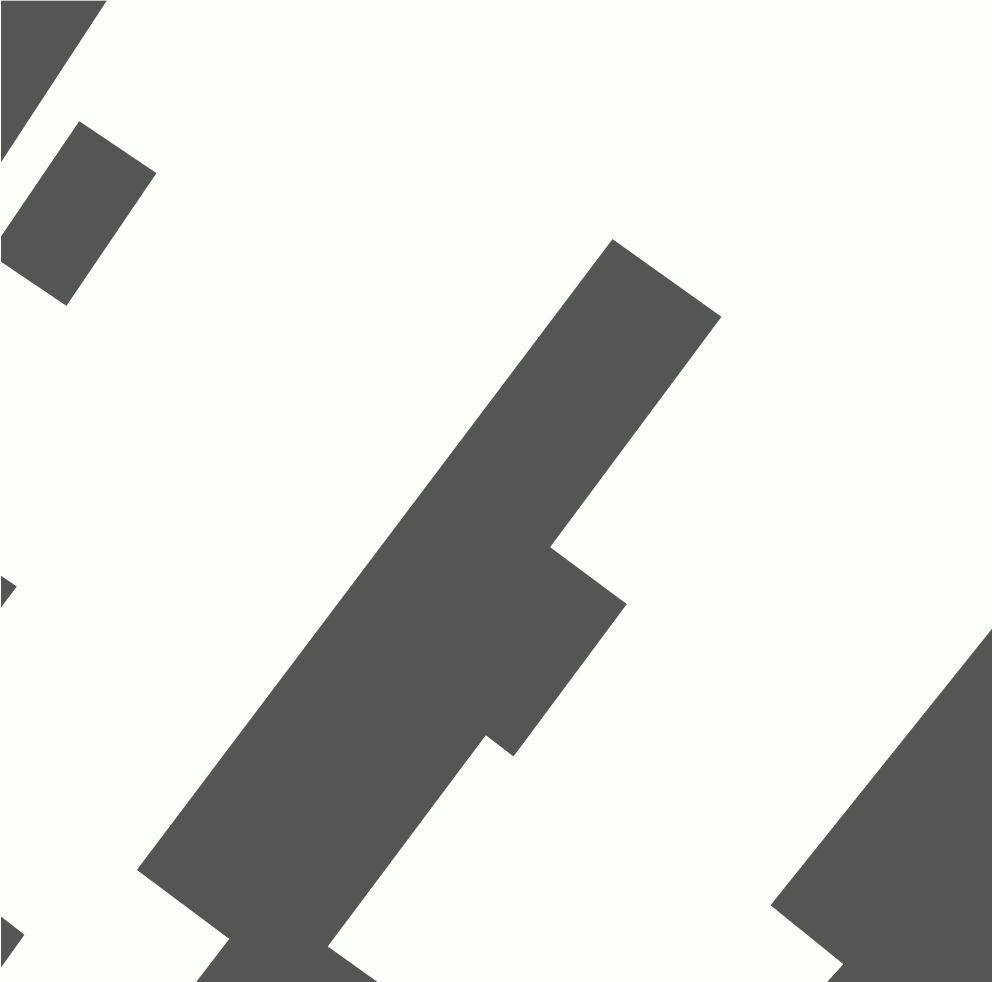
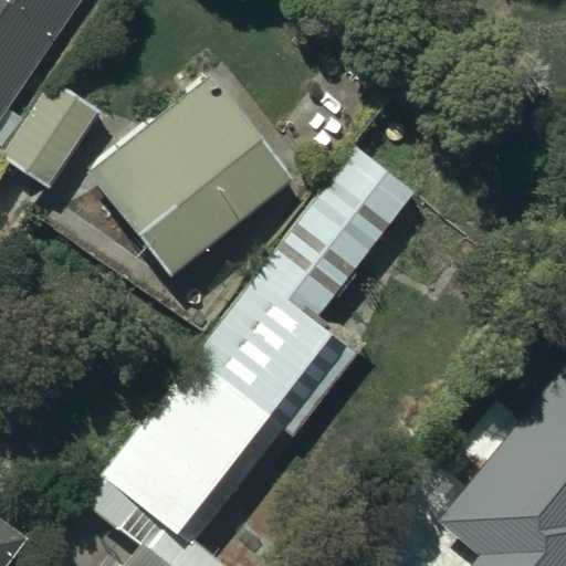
building: none -> [91,76,291,275]

